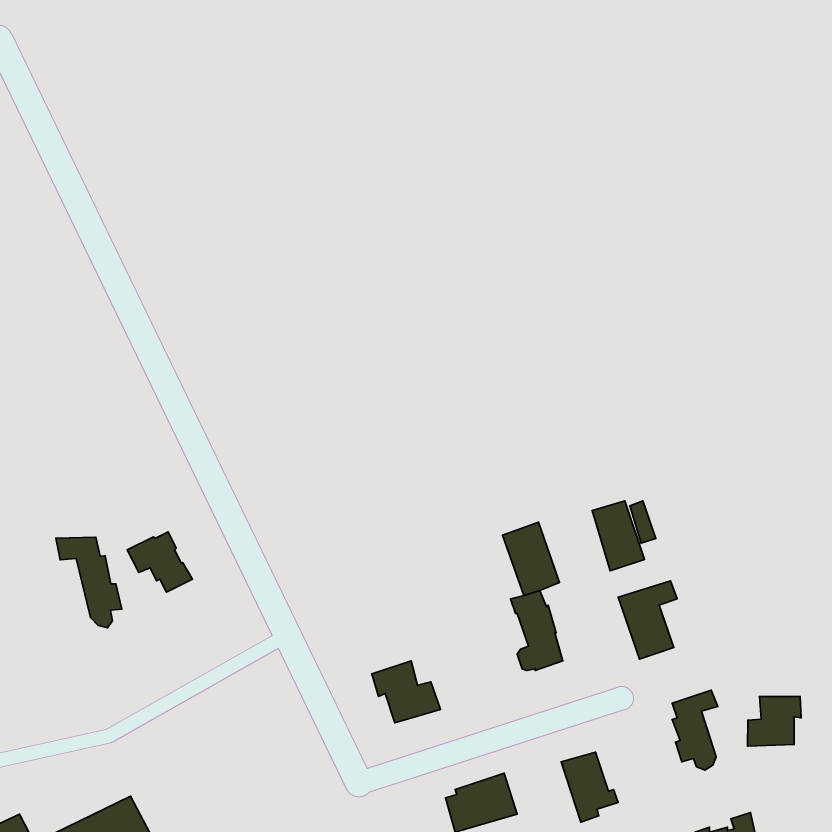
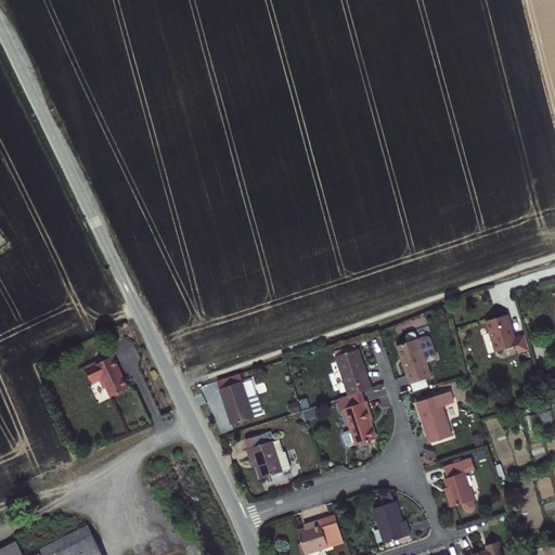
building: none -> [485,313,529,352]
building: [56,537,122,628] -> none
building: none -> [216,374,255,428]
building: [747,697,801,746] -> none

